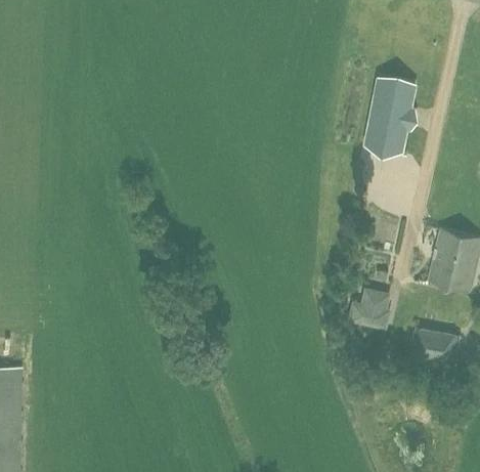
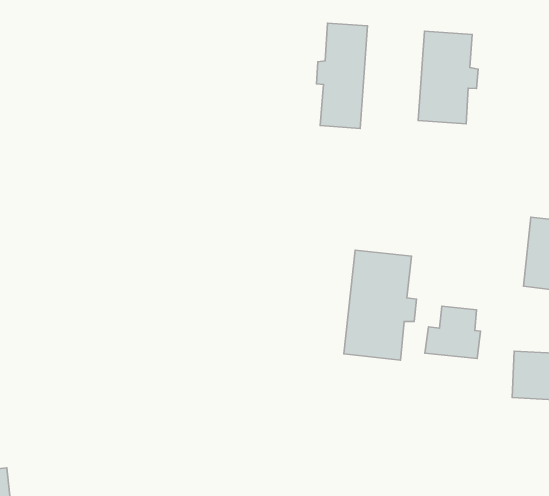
building: none -> [317,23,367,128]
building: none -> [344,250,416,360]

